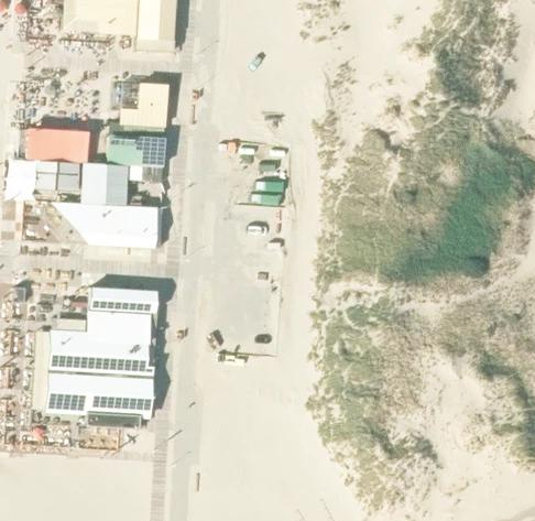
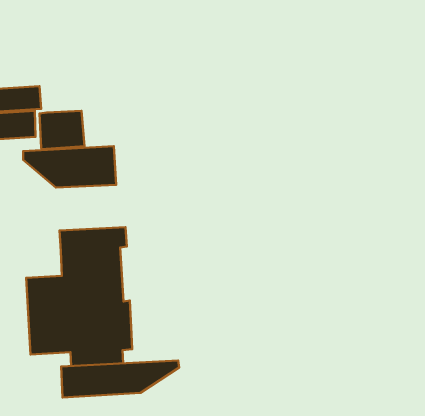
building: [122,80,168,124] -> none
building: [108,134,165,164] -> none
building: none -> [61,361,179,397]

